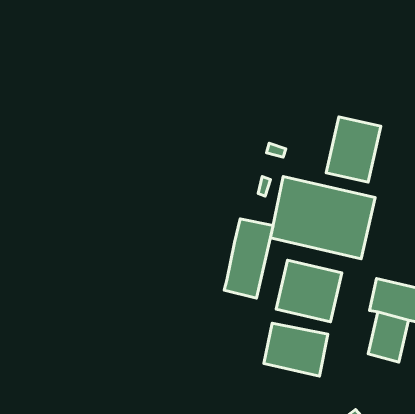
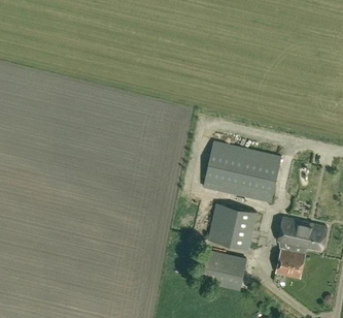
building: [326,117,381,182] -> none
building: [224,219,273,298] -> none

